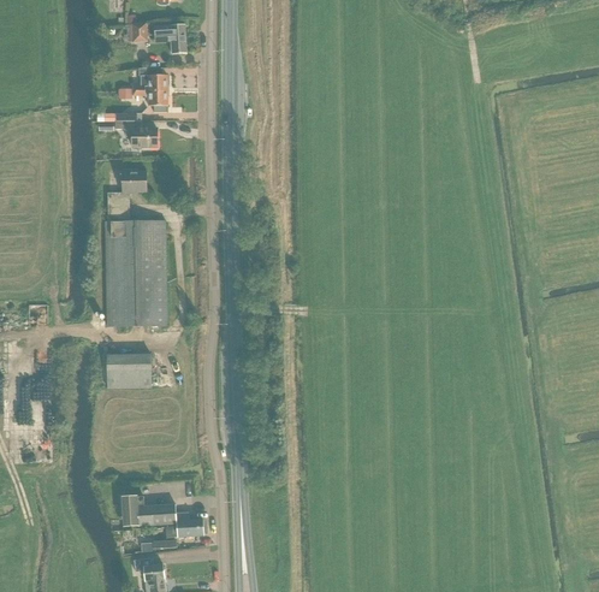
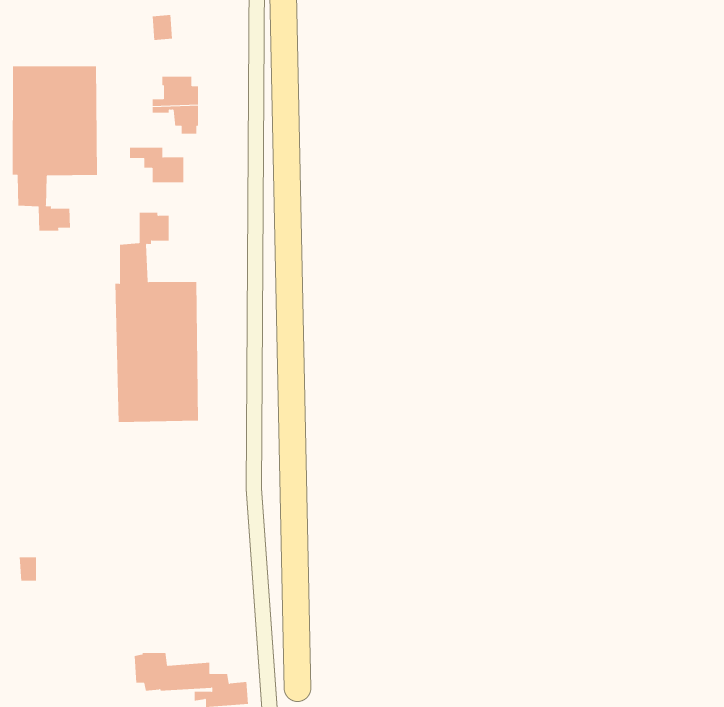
building: [154,25,185,54] -> none
building: none -> [12,65,98,231]
building: [106,354,150,389] -> none

